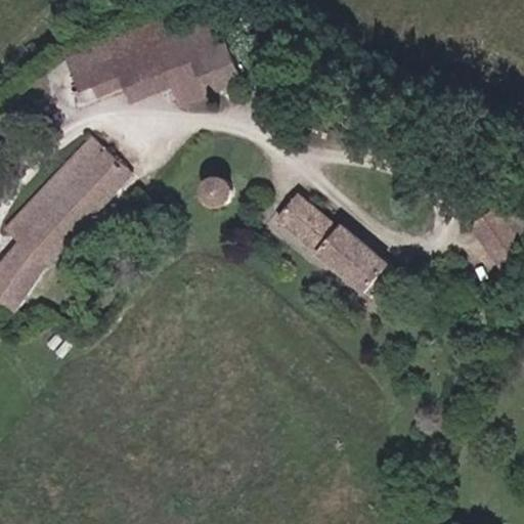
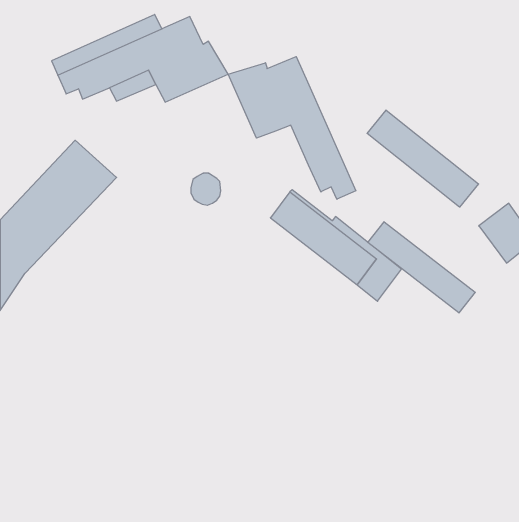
building: none -> [228,57,356,199]
building: none -> [367,110,479,207]
building: none -> [368,222,475,313]

